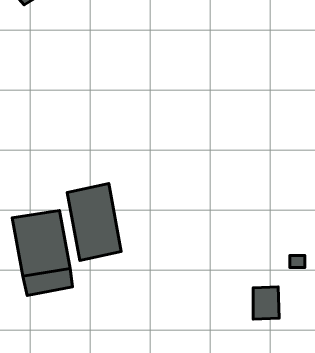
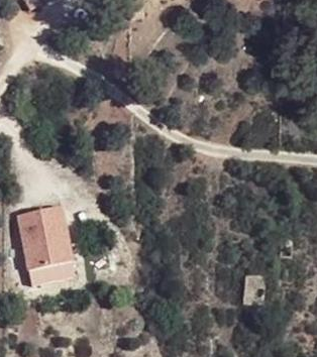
building: [67,183,121,261] -> none

